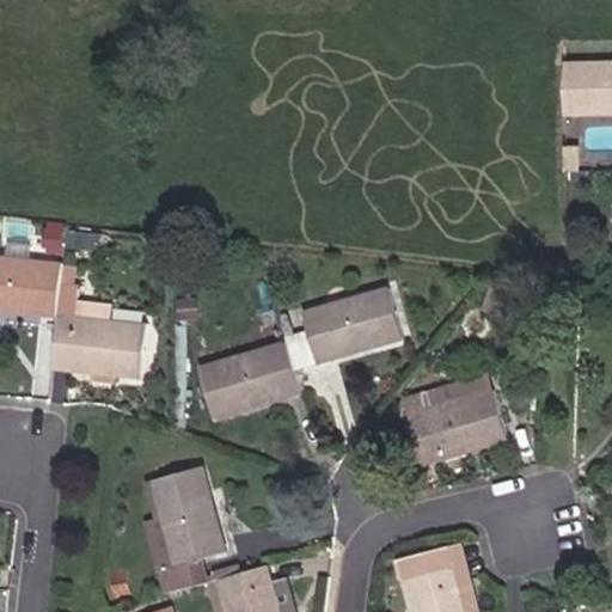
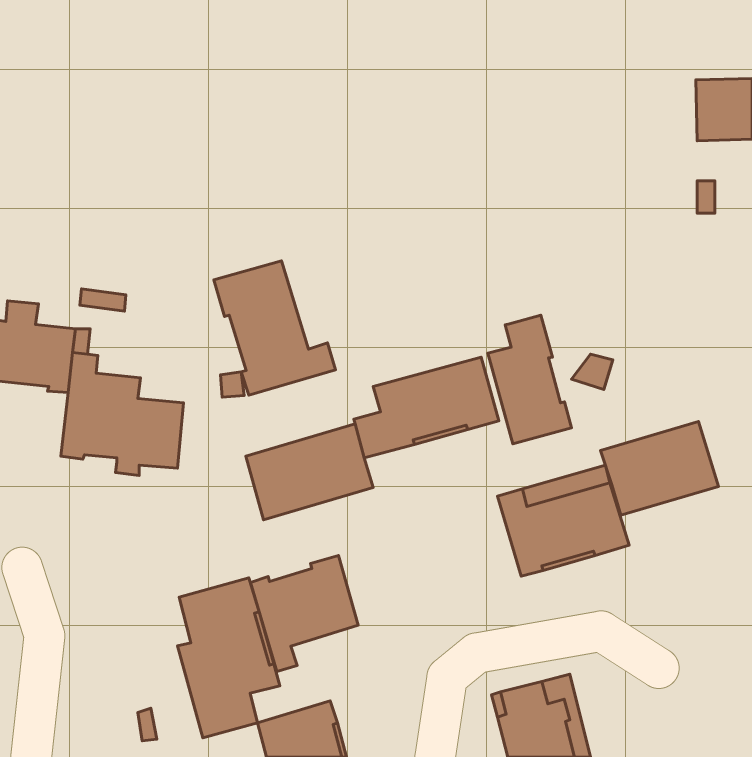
building: none -> [214,261,335,395]
building: none -> [488,315,571,444]
building: none -> [601,422,719,515]
building: none -> [250,556,358,671]

